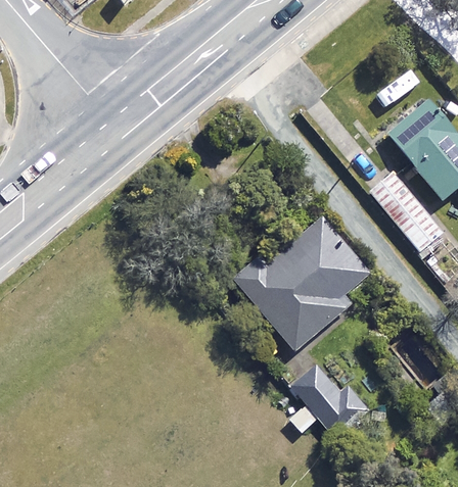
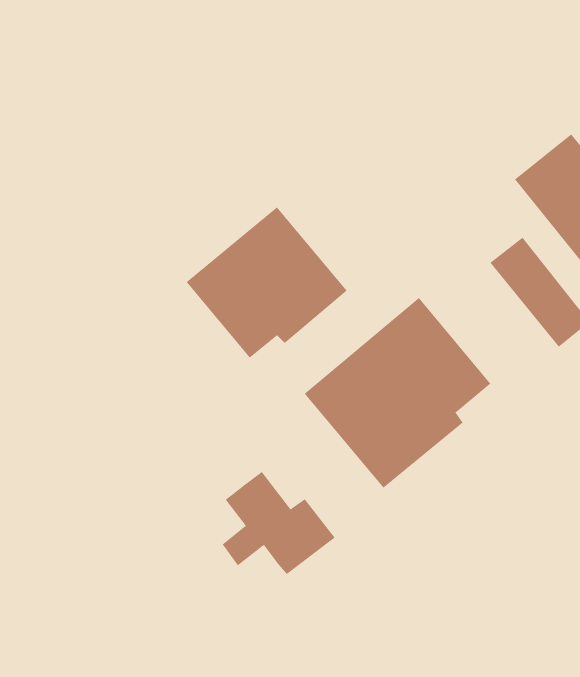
building: none -> [186,206,347,359]
building: [289,363,370,437] -> [222,471,336,575]

